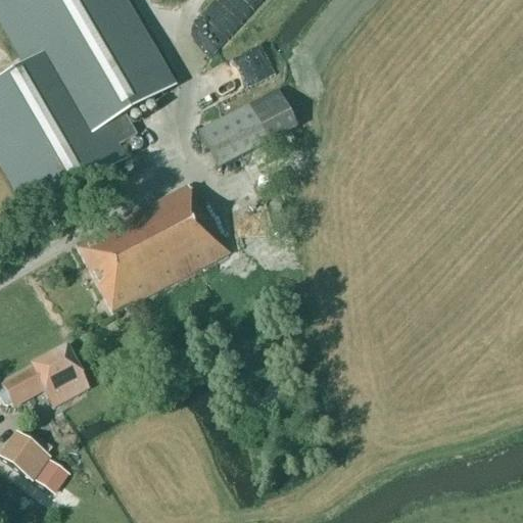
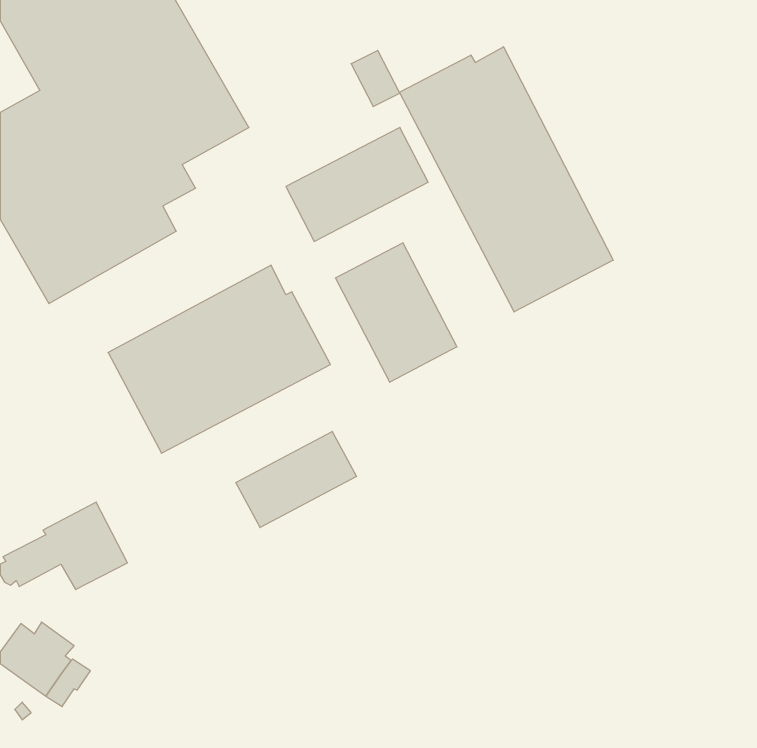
building: none -> [399,47,613,312]
building: none -> [336,243,457,382]
building: none -> [236,431,356,528]

